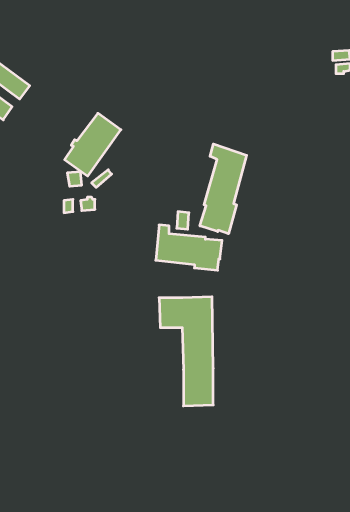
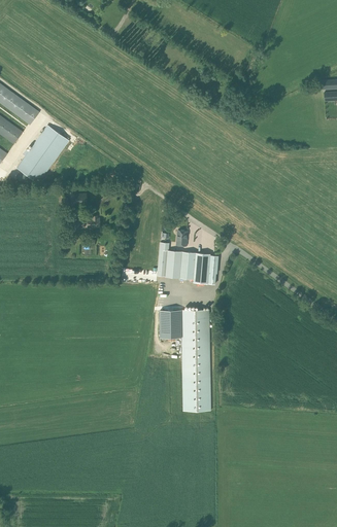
building: [65,113,121,176] -> [16,125,69,183]
building: [200,144,247,234] -> none

